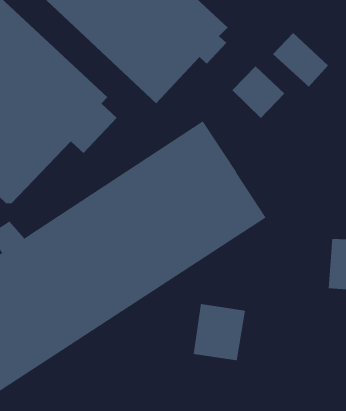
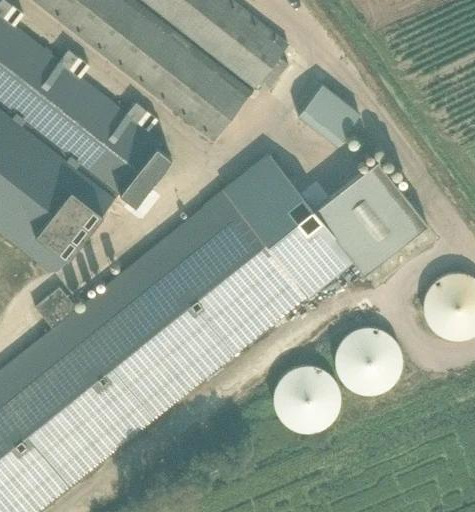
building: [272,32,329,88] -> none
building: none -> [312,160,426,274]
building: none -> [337,324,405,394]

